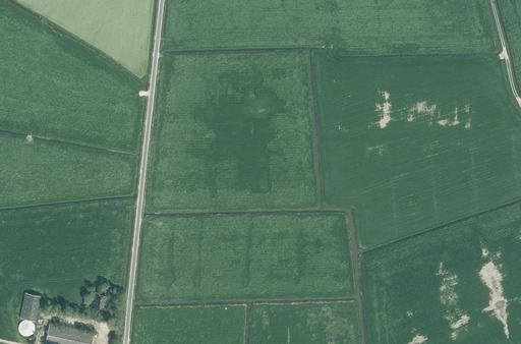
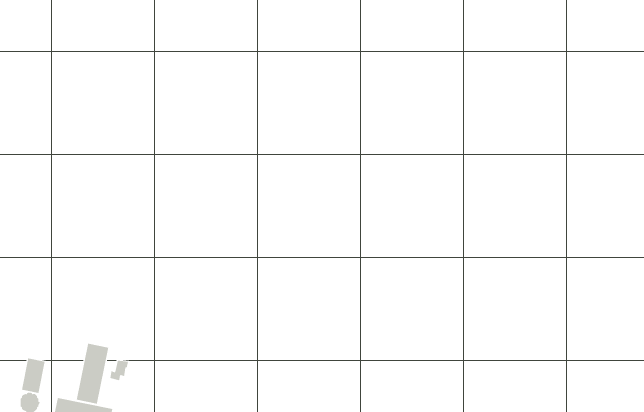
building: none -> [76,343,109,405]

